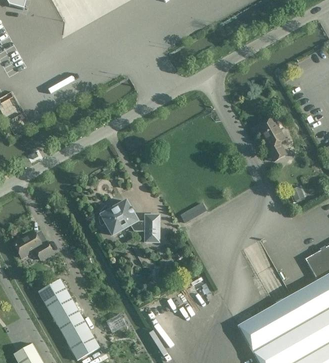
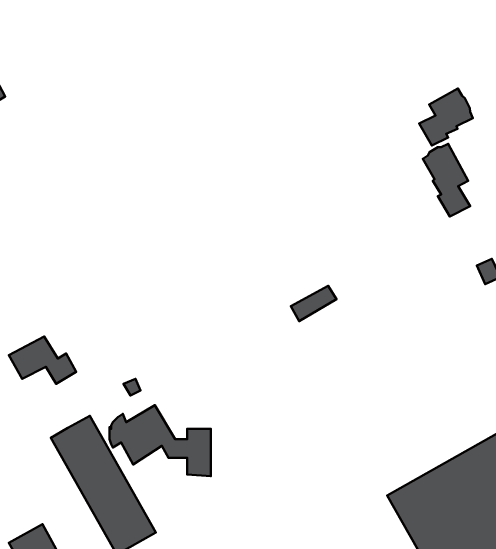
building: none -> [419,89,473,145]
building: [99,200,159,242] -> [109,405,211,476]

